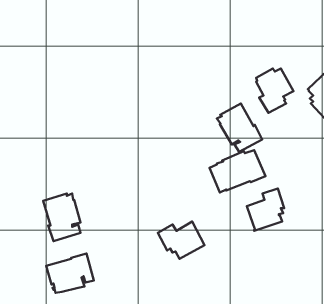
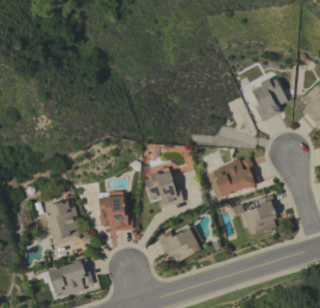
building: [217,104,262,152] -> none
building: none -> [143,168,184,208]
building: none -> [98,192,132,231]

